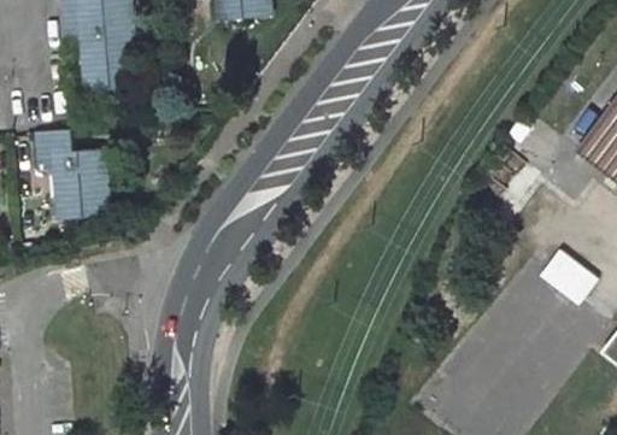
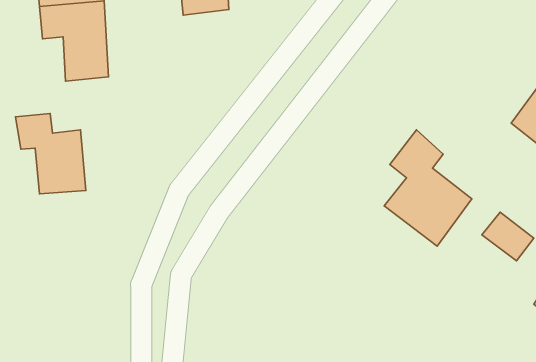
building: none -> [384,130,472,246]

